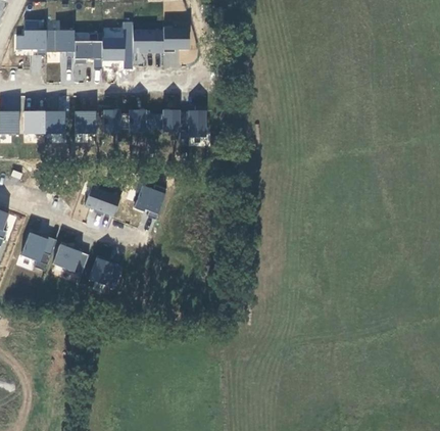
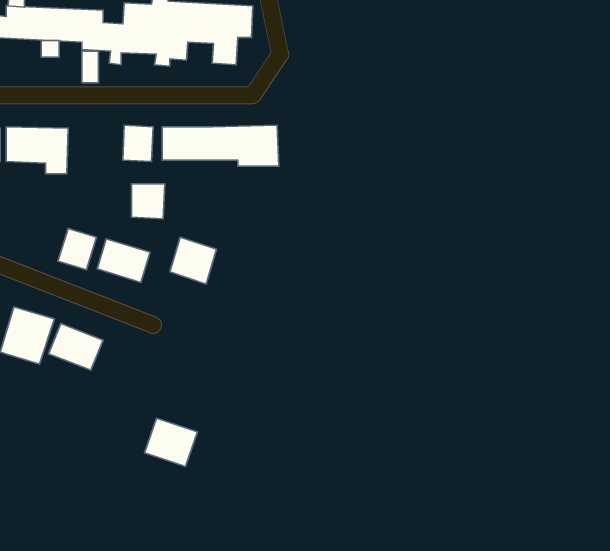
building: [75,111,97,135] -> [131,184,165,219]
building: none -> [58,229,97,270]
building: [88,257,124,290] -> [145,418,197,467]

